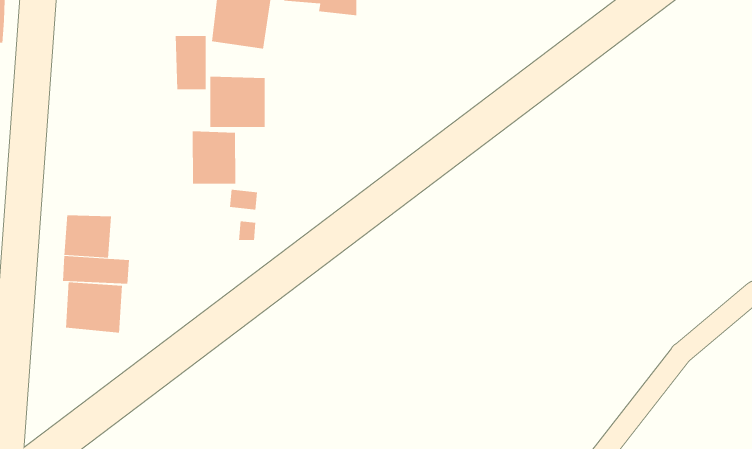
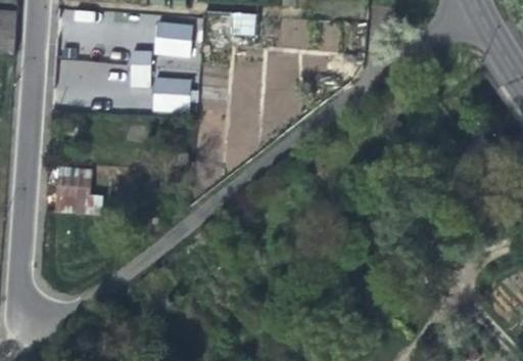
building: [192,130,236,185] -> none
building: [66,282,122,334] -> none

